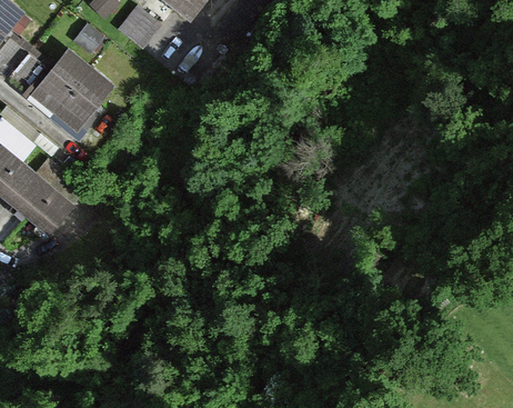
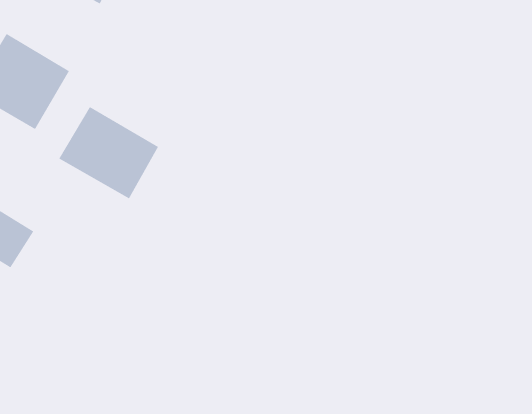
building: none -> [59,106,159,199]

